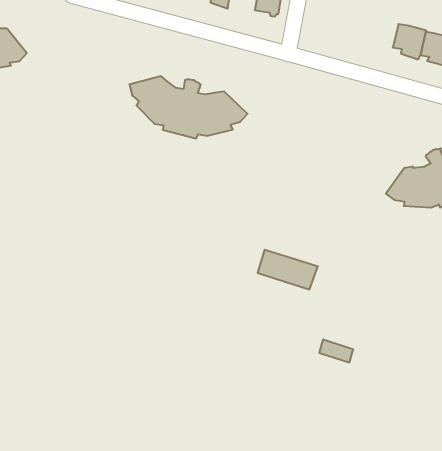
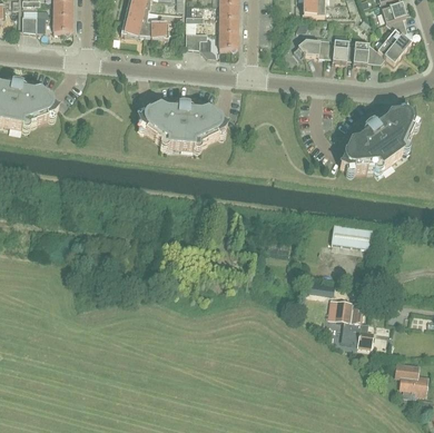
building: none -> [293,35,326,58]
building: [258,250,318,289] -> [331,224,374,247]
building: none -> [331,298,373,345]

